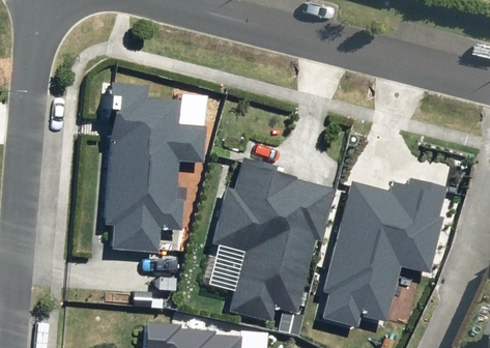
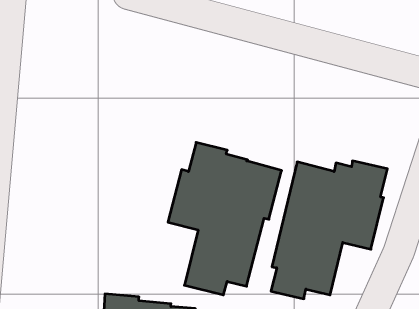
building: [104,84,205,255] -> none

